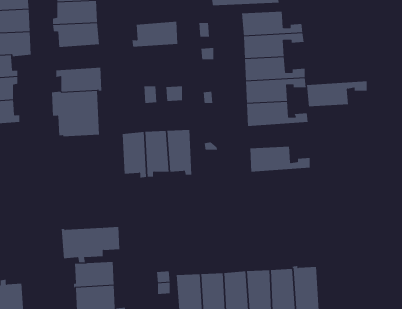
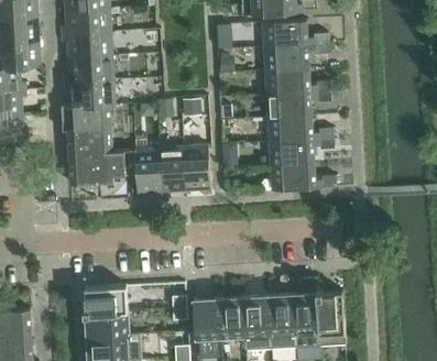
building: [132,21,178,47] -> [64,55,113,83]
building: [306,81,367,107] -> [269,138,334,165]
building: [61,227,120,263] -> [68,150,131,188]

